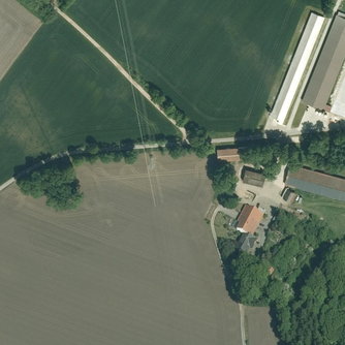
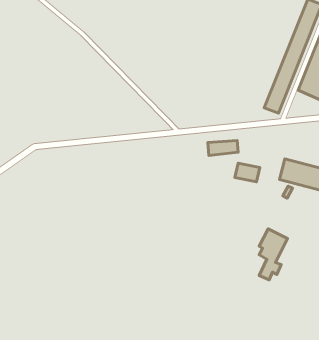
building: [236,206,262,254] -> [259,229,288,280]

